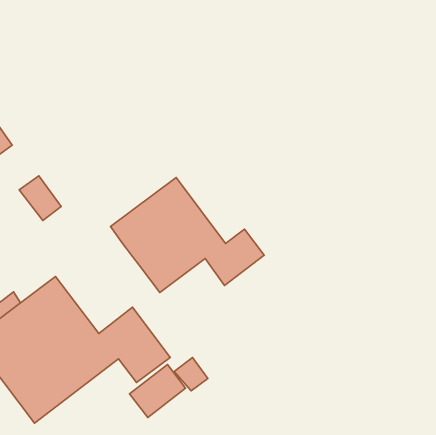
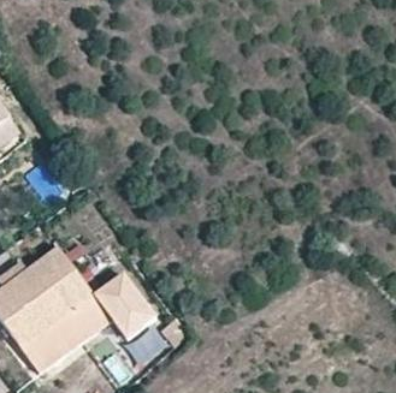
building: [111,177,264,293] -> none

